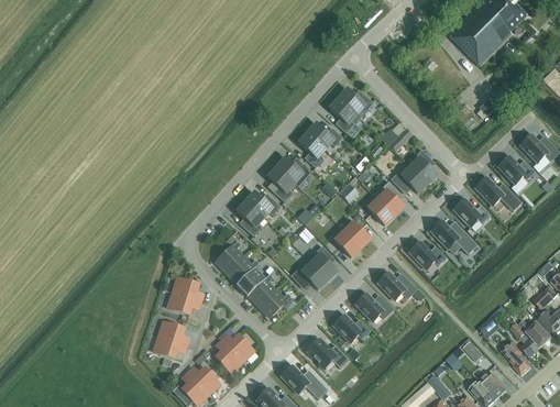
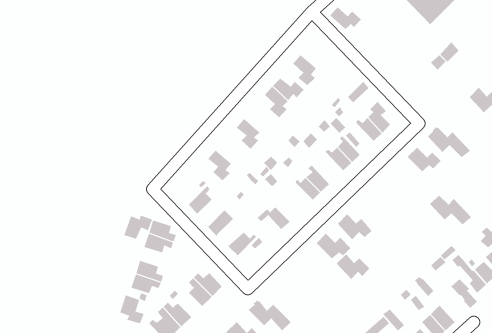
building: [338,88,373,113] -> [329,6,362,30]
building: [498,155,536,183] -> none
building: [276,157,311,183] -> none
building: [245,191,281,217] -> none
building: [431,220,477,253] -> [429,195,472,225]
building: [409,241,447,268] -> none
building: [310,245,337,279] -> none
building: [226,255,259,284] -> none
building: none -> [124,215,153,240]
building: [248,273,276,306] -> none
building: [333,314,371,342] -> [336,253,370,280]
building: [307,338,349,367] -> none
building: none -> [119,295,145,324]

